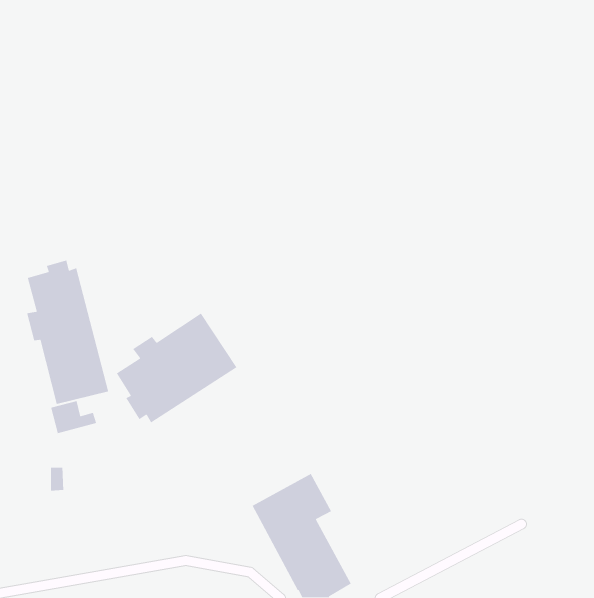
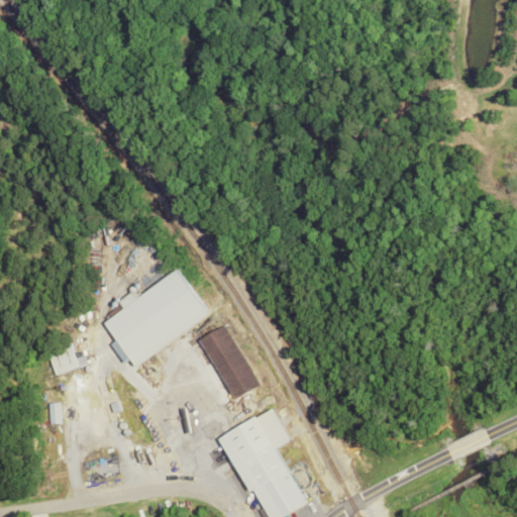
building: [26,260,109,405] -> none
building: none -> [201,324,256,399]

